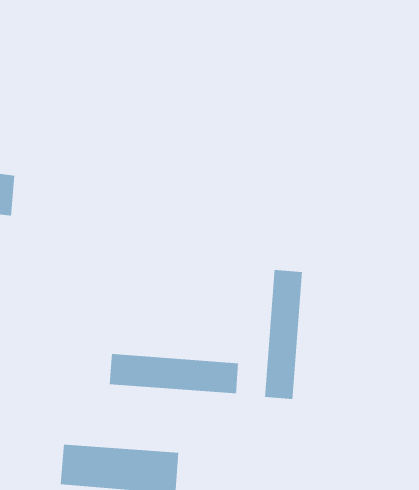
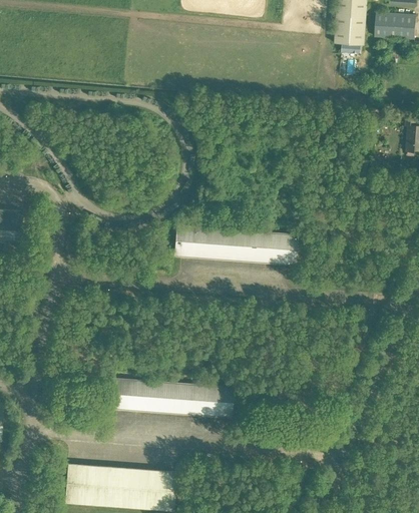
building: none -> [173,224,296,264]
building: [264,269,302,400] -> none

